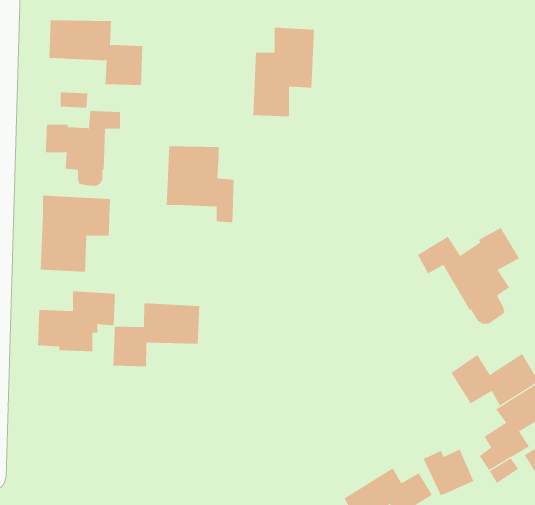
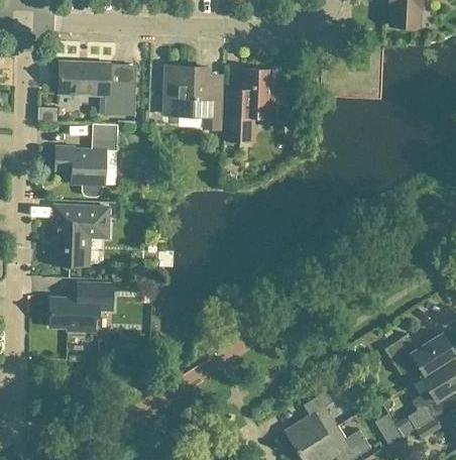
building: [166,146,234,223] -> [164,66,220,128]
building: [417,227,520,324] -> none
building: [113,303,200,367] -> none
building: none -> [284,389,338,450]

